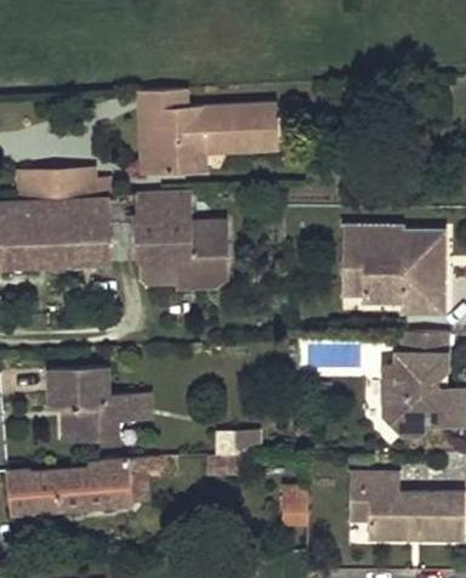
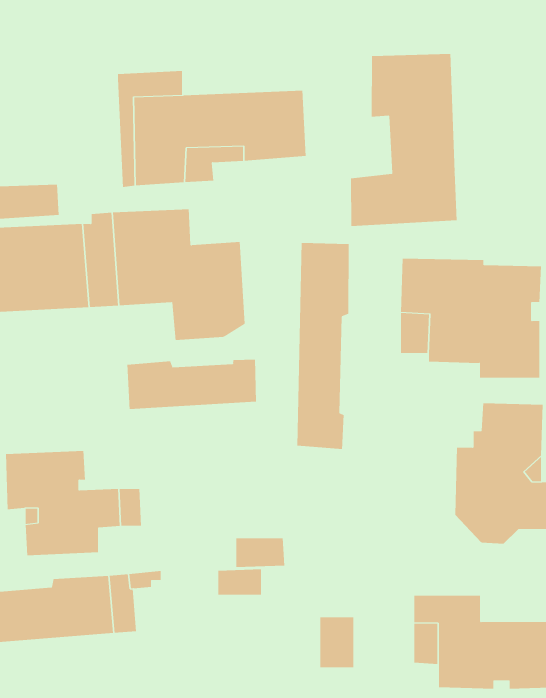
building: none -> [350,53,457,227]
building: none -> [297,242,349,450]
building: none -> [127,359,256,410]

